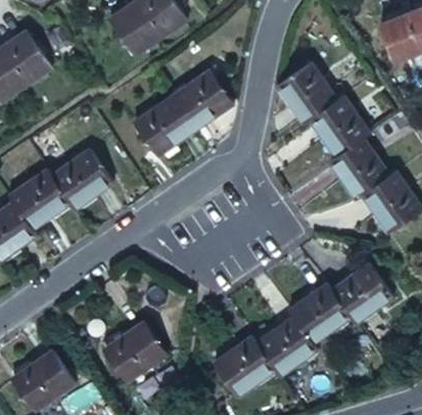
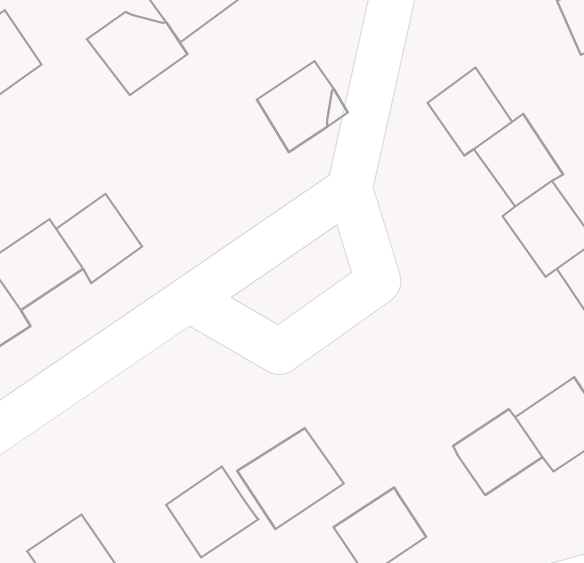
building: none -> [87,12,188,95]
building: [139,90,197,148] -> none
building: none -> [237,428,344,529]
building: [268,318,329,379] -> none

